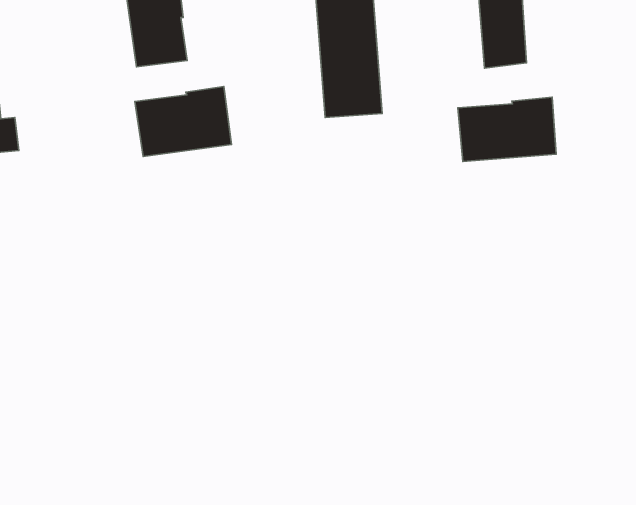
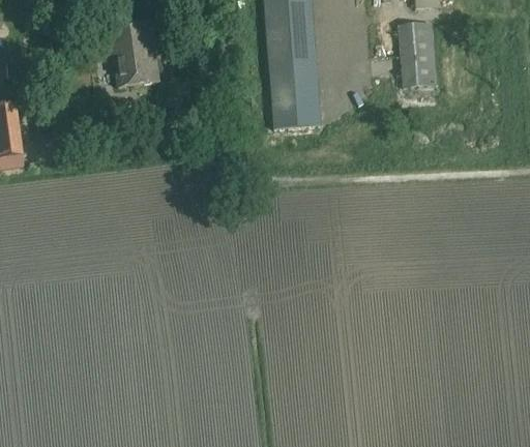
building: [135,86,232,157] -> none
building: [458,97,556,162] -> none

